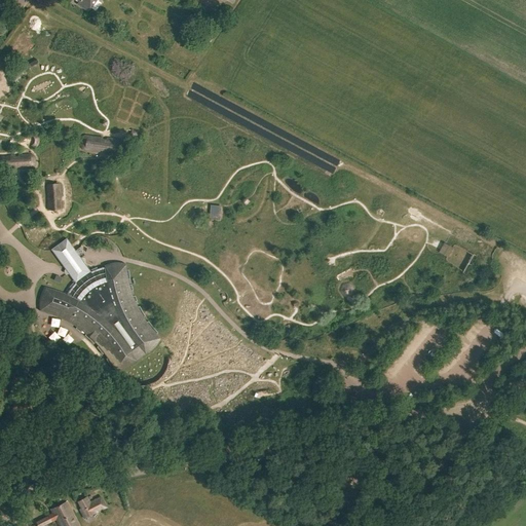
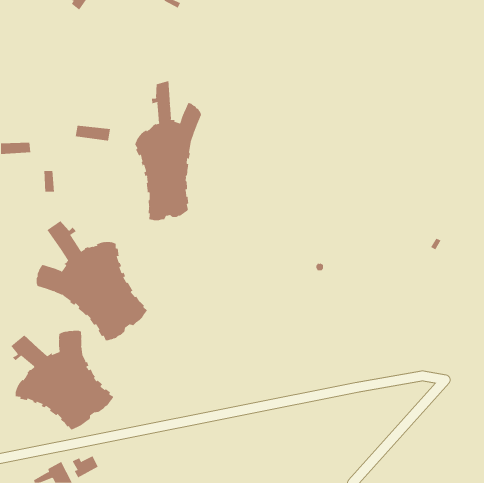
building: none -> [134,80,202,221]
building: none -> [10,330,114,431]

